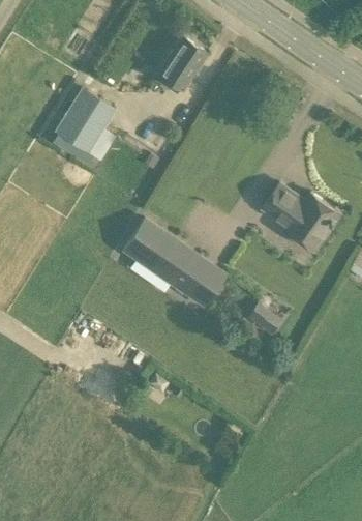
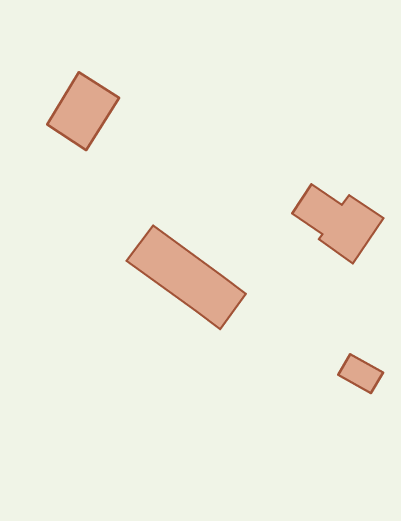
building: [157,37,206,90] -> none
building: [244,299,282,332] -> [338,354,383,393]

